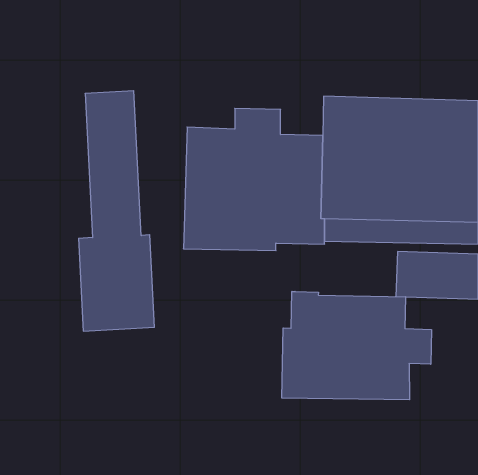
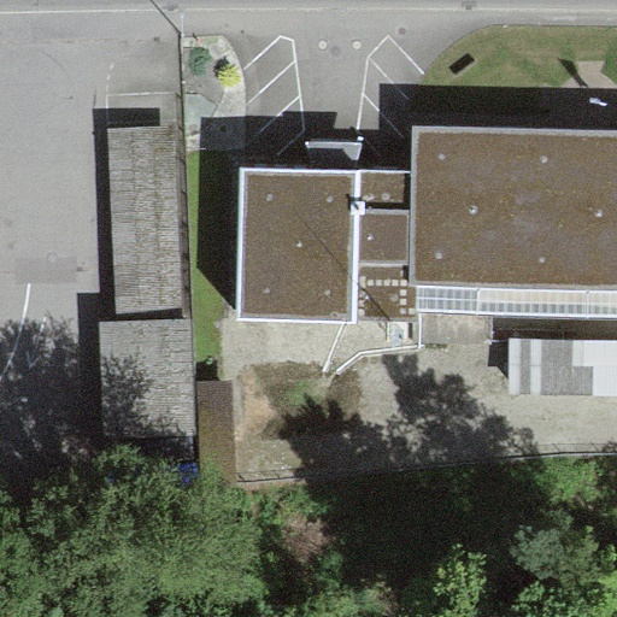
building: [282,291,431,400] -> none

